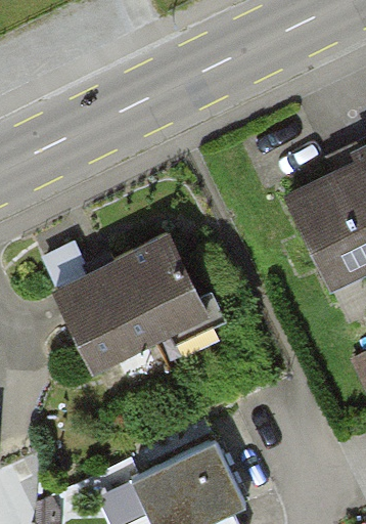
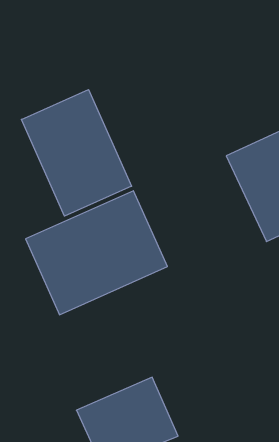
building: none -> [21,90,132,216]

